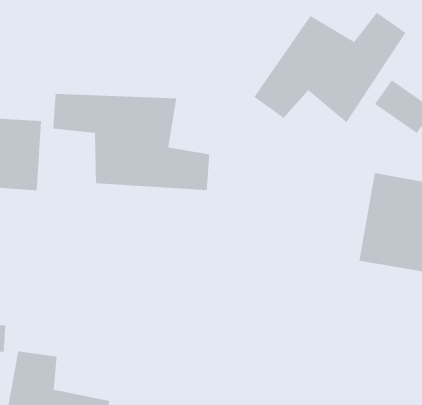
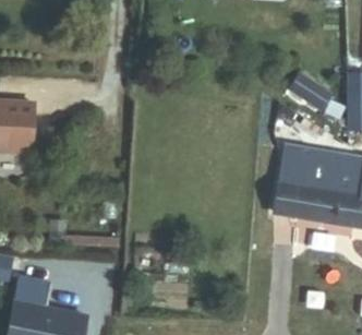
building: [253,12,406,123] -> none
building: [53,93,210,191] -> none

